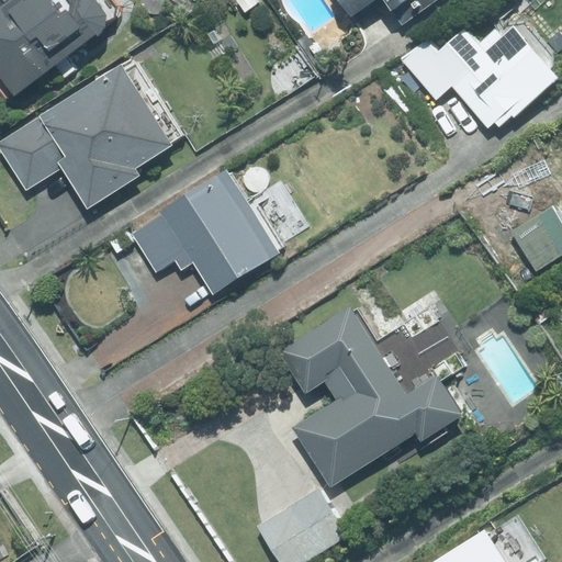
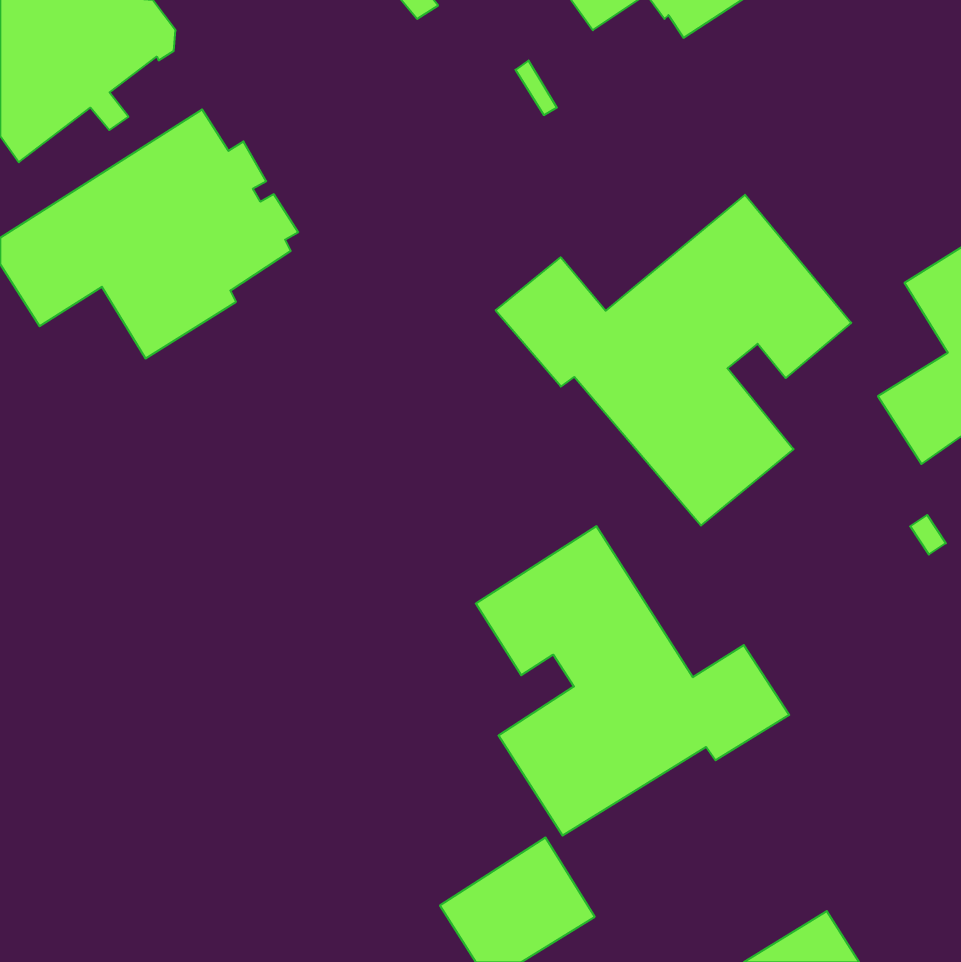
building: [403,26,555,128] -> none
building: none -> [496,195,851,526]
building: [133,169,280,295] -> none

